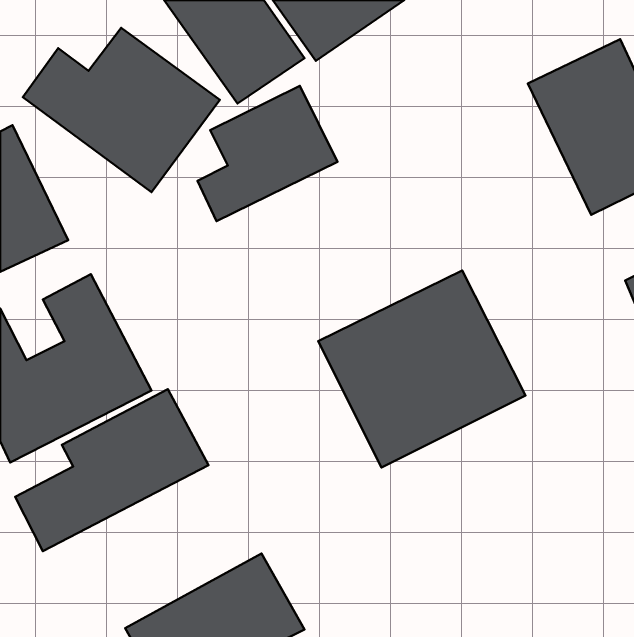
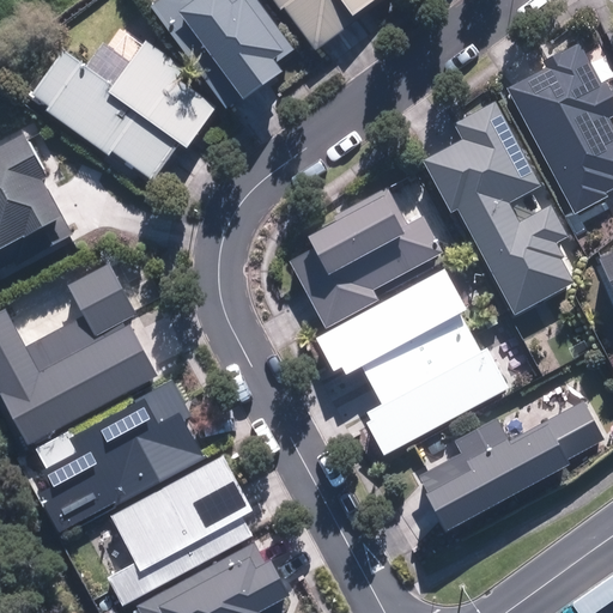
building: [197,86,338,221] -> [297,188,430,316]
building: none -> [430,111,579,317]
building: none -> [421,392,602,522]
building: none -> [85,450,255,587]

